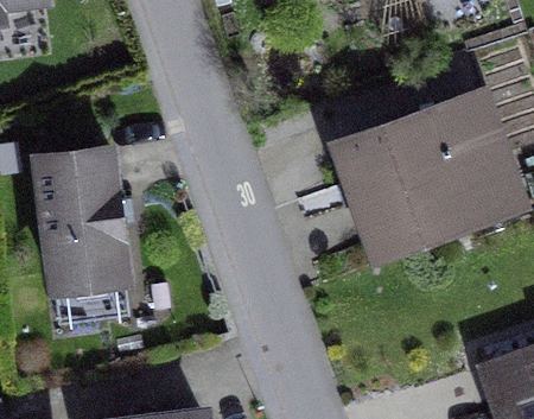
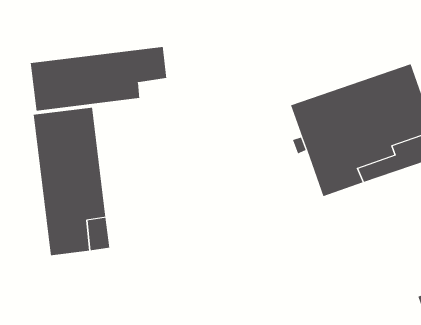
building: none -> [30,46,167,111]

